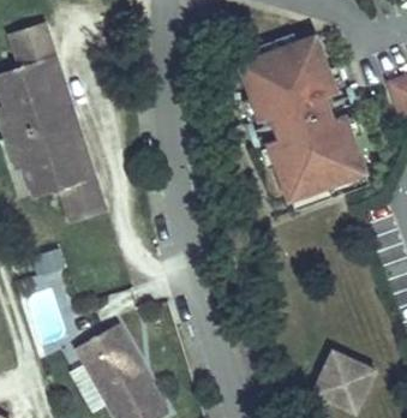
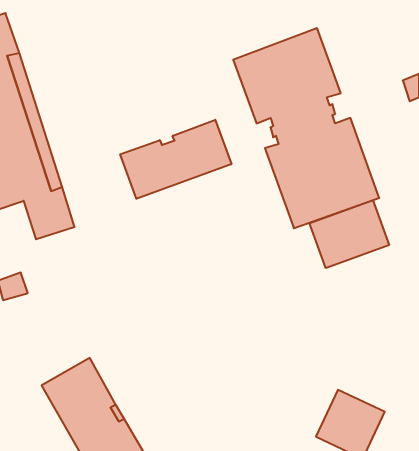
building: none -> [120,120,231,199]
building: none -> [310,200,389,268]

